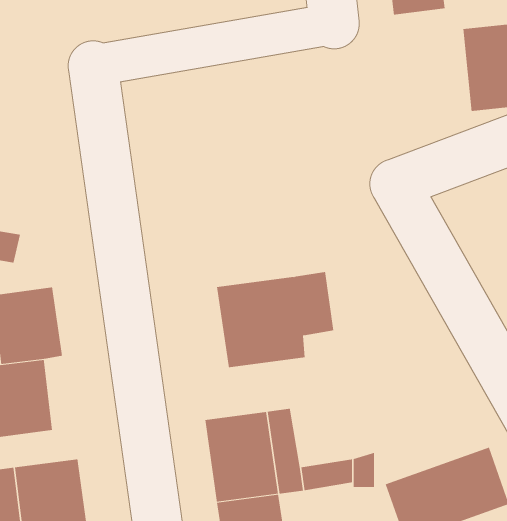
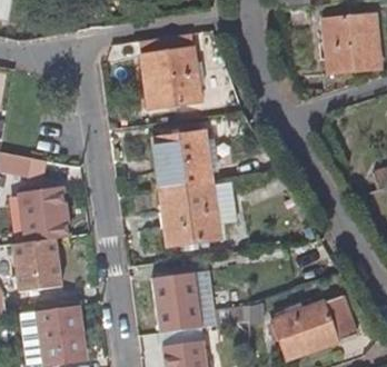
building: none -> [139,31,204,108]
building: none -> [153,130,212,190]

